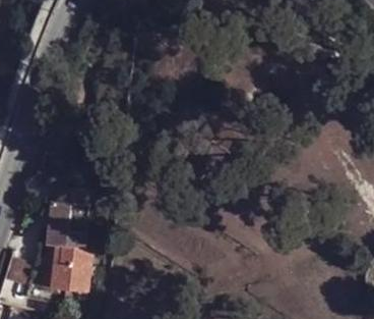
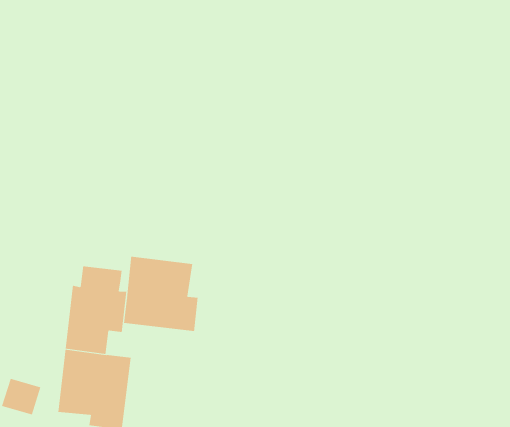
building: none -> [124,256,198,332]

